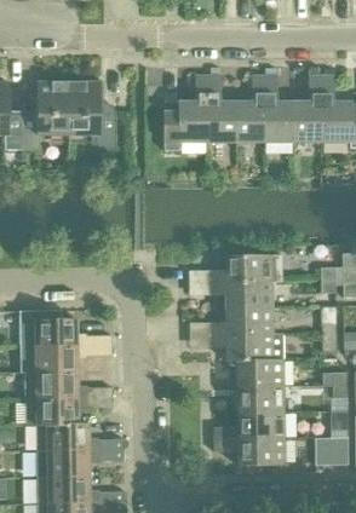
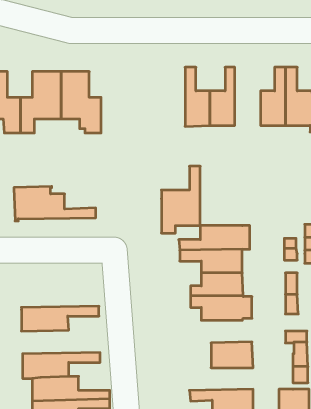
building: [165,76,208,151] -> [161,166,200,233]
building: [264,76,293,142] -> none
building: [19,310,111,348] -> [14,186,96,221]
building: [237,358,283,386] -> none
building: [24,371,113,398] -> none
building: [213,414,285,439] -> none

